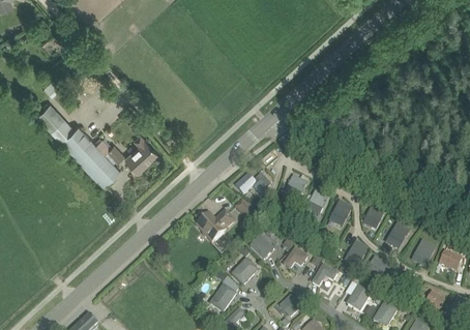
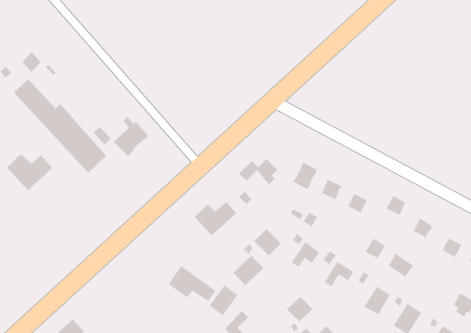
building: none -> [6,154,53,191]
building: none -> [168,265,216,302]

